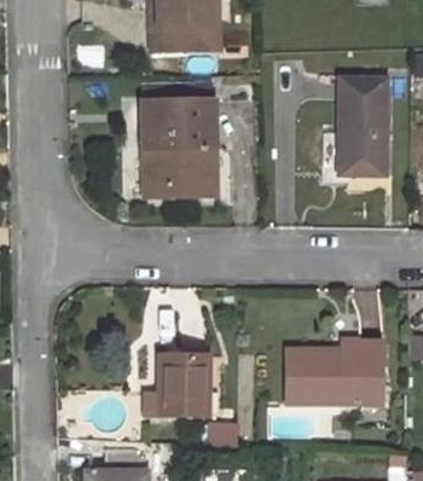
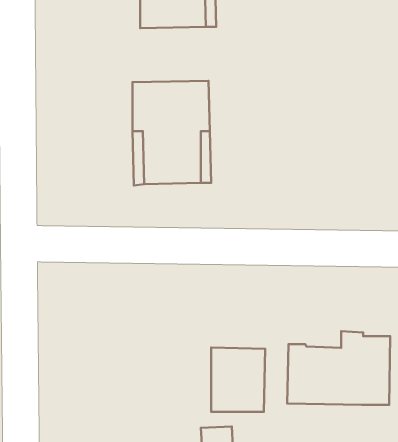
building: [338,77,386,173] -> none
building: [158,354,209,415] -> [211,347,265,412]

